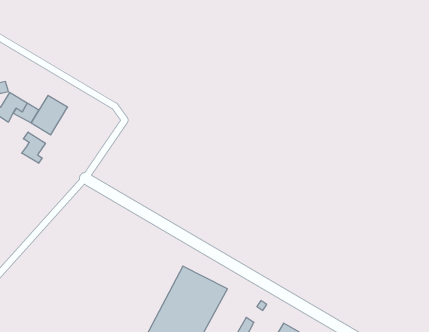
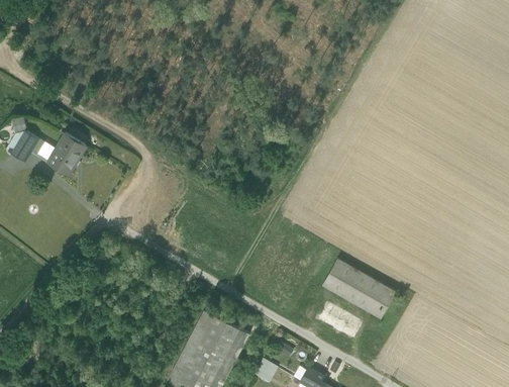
building: [22,132,45,163] -> none
building: none -> [321,259,394,318]

